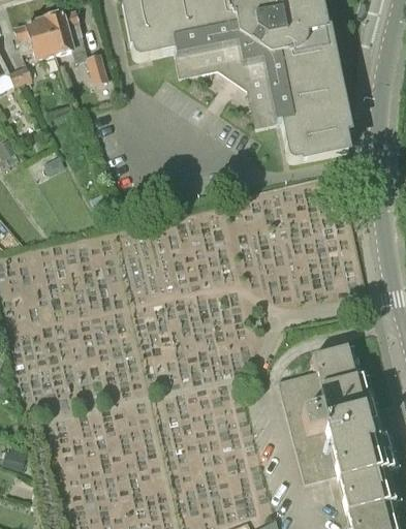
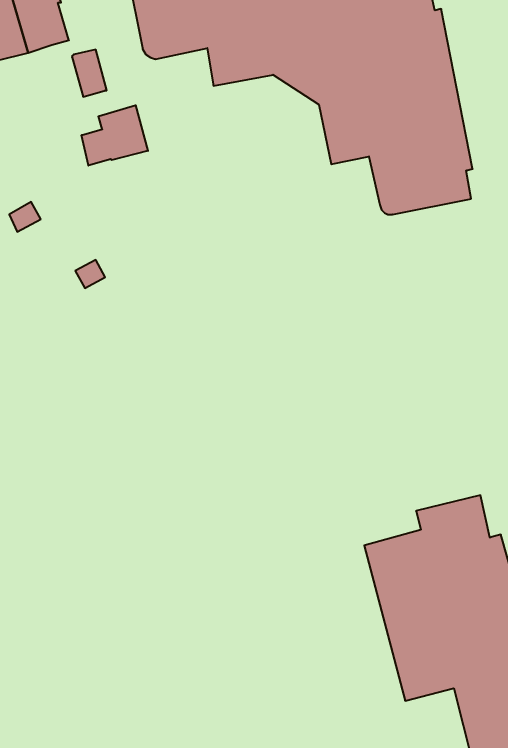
building: none -> [82,105,148,166]

